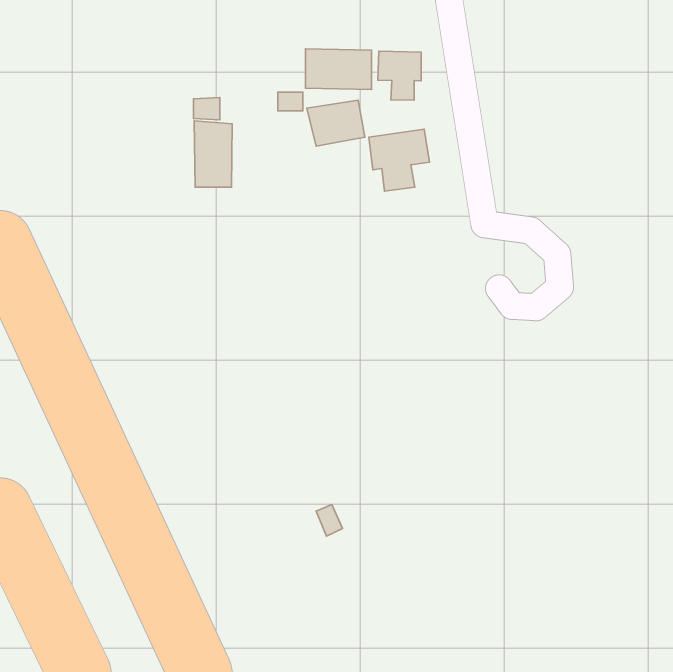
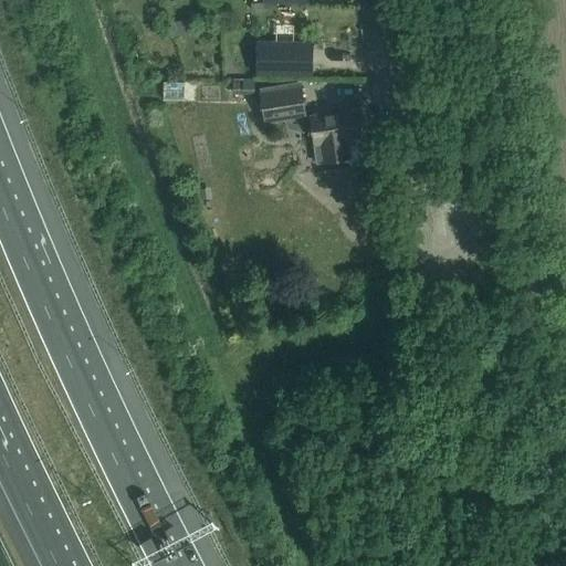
building: [378,51,421,100] -> none
building: [194,121,232,187] -> none

